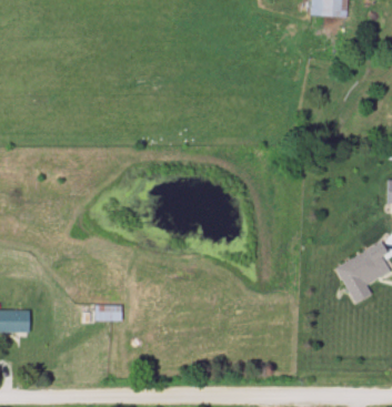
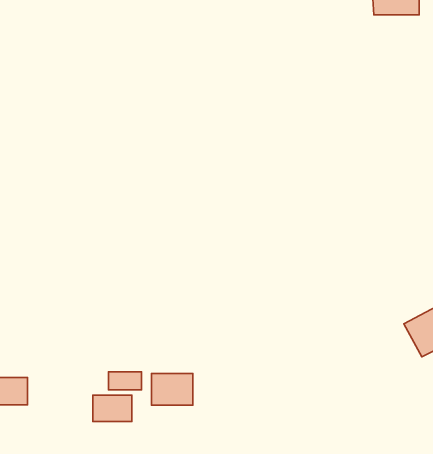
building: none -> [152,374,193,405]
building: none -> [93,395,132,421]

